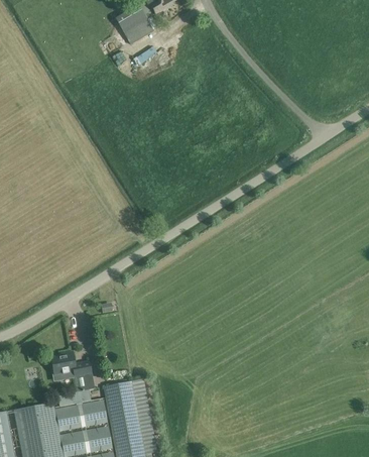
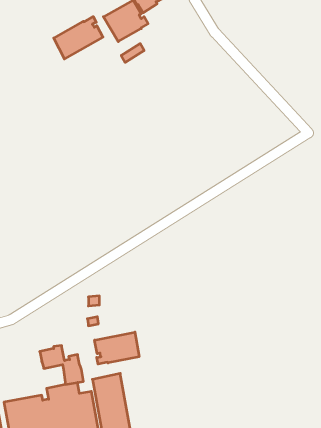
building: none -> [54,17,103,59]
building: none -> [95,332,139,364]

